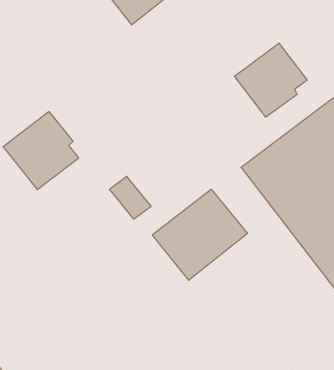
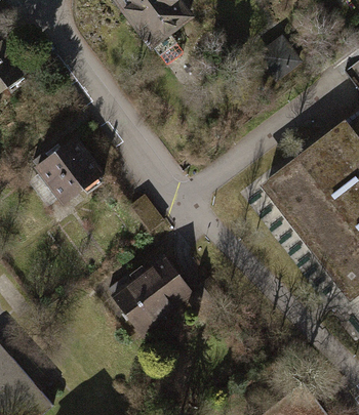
building: [234,43,307,117] -> none
building: [152,189,248,280] -> [108,257,197,342]

